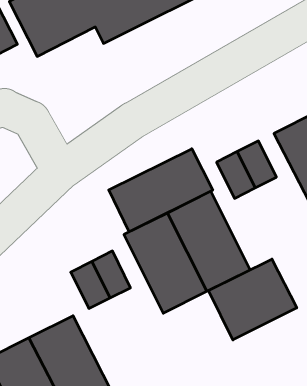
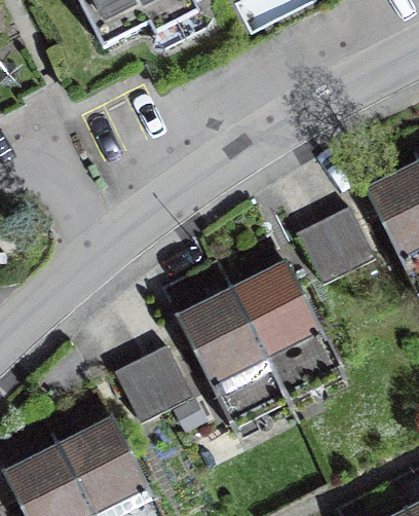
building: [109,149,213,232] -> none
building: [208,259,297,340] -> none

